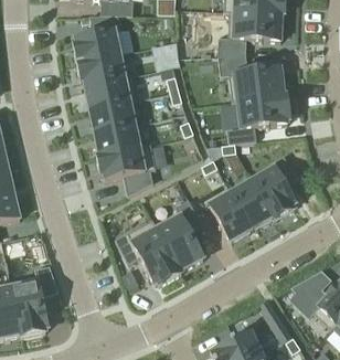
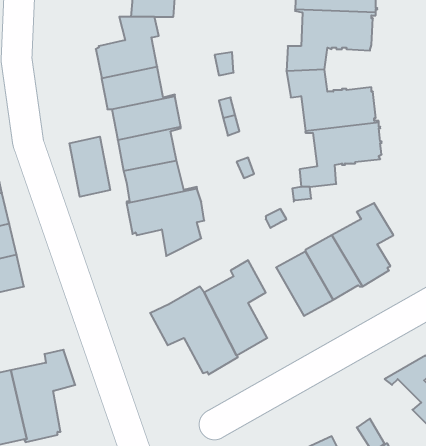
building: none -> [69,137,110,197]

